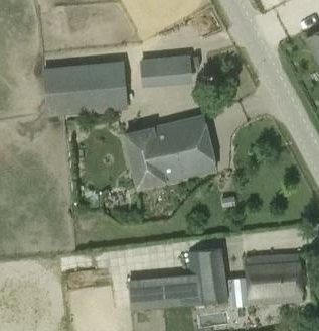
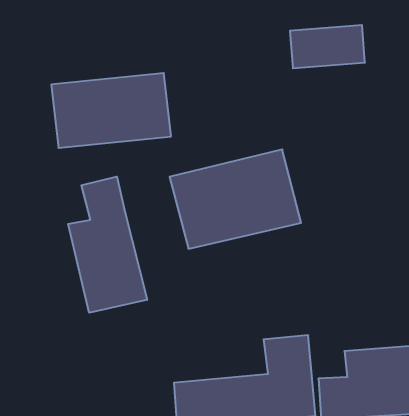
building: [140,53,192,84] -> [290,25,365,68]
building: none -> [68,177,147,313]

